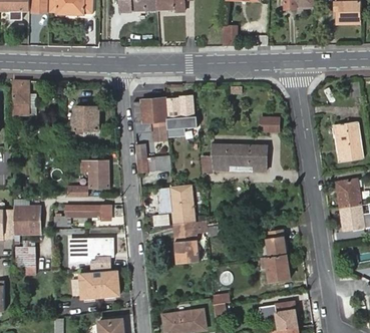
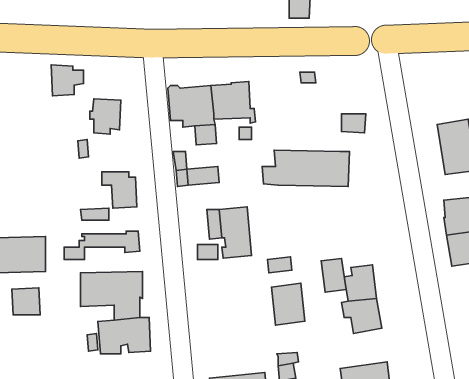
building: [11,80,35,103] -> [51,65,83,96]
building: none -> [321,258,346,292]
building: [174,234,200,265] -> [271,283,305,325]

